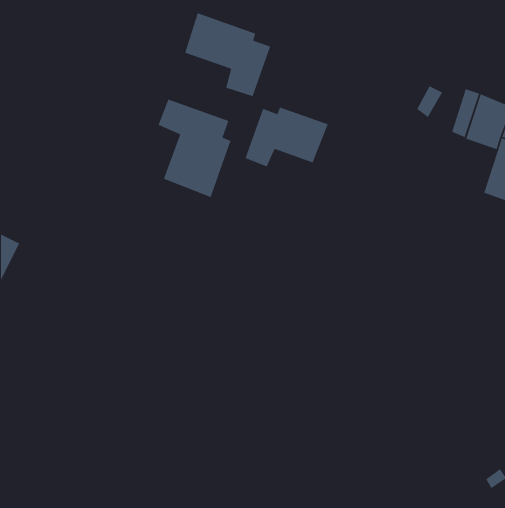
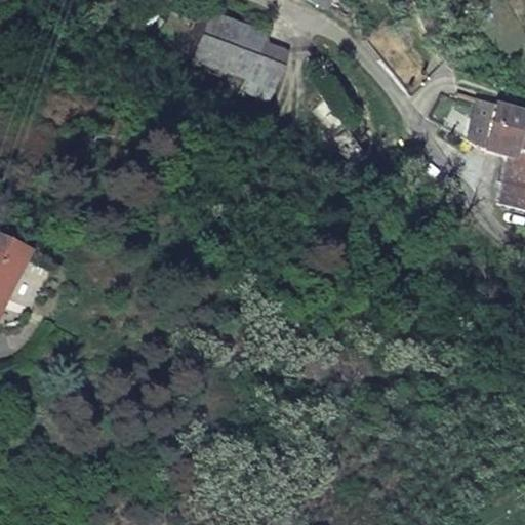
building: [157,99,232,198] -> none
building: [244,106,329,167] -> none

